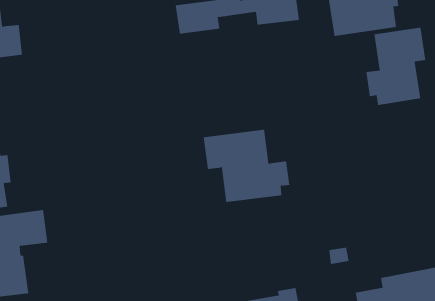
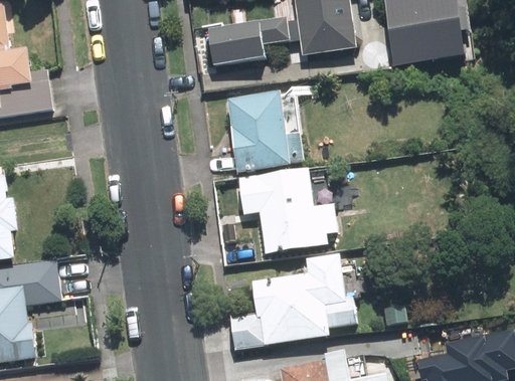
building: [366,27,426,106] -> none
building: none -> [228,93,305,176]
building: none -> [232,255,358,349]

